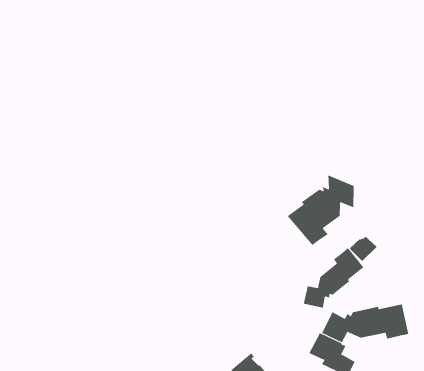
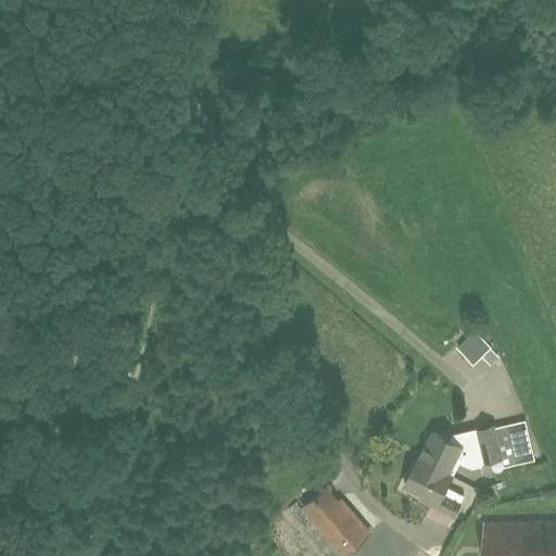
building: [287,175,354,246] -> none
building: [303,247,364,309] -> none

